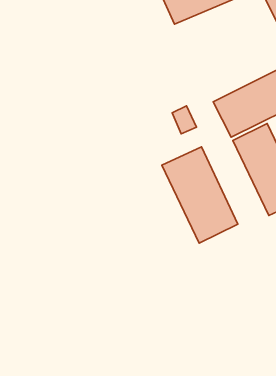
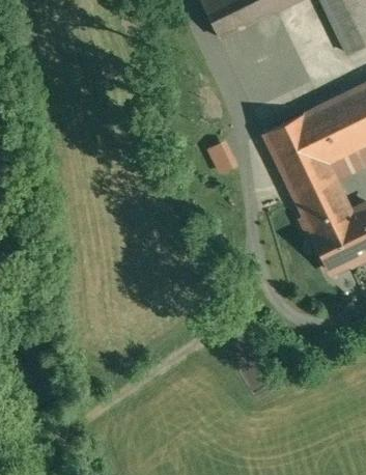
building: [162,147,238,243] -> none

